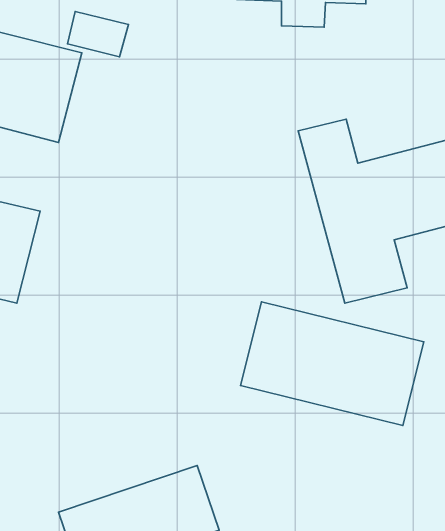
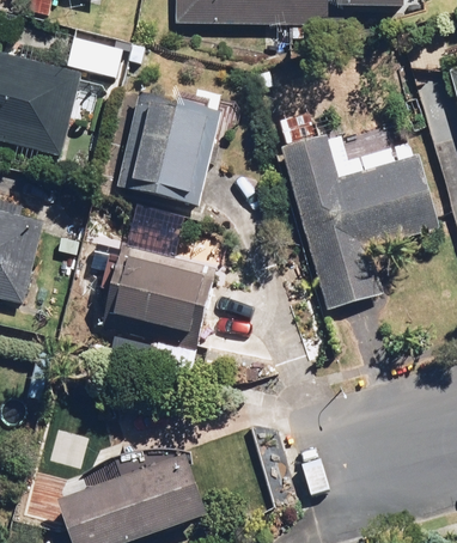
building: none -> [112,84,218,202]
building: none -> [99,244,217,349]
building: [241,302,424,426] -> none

